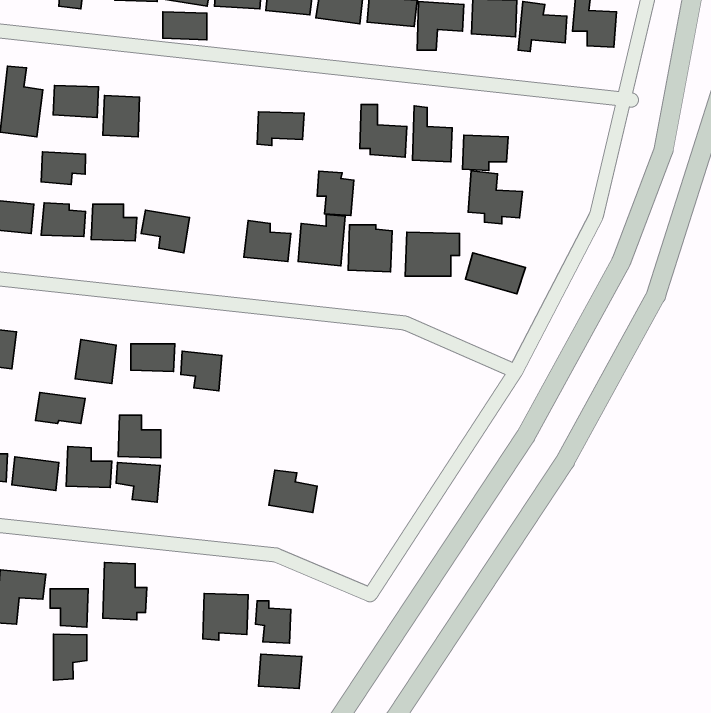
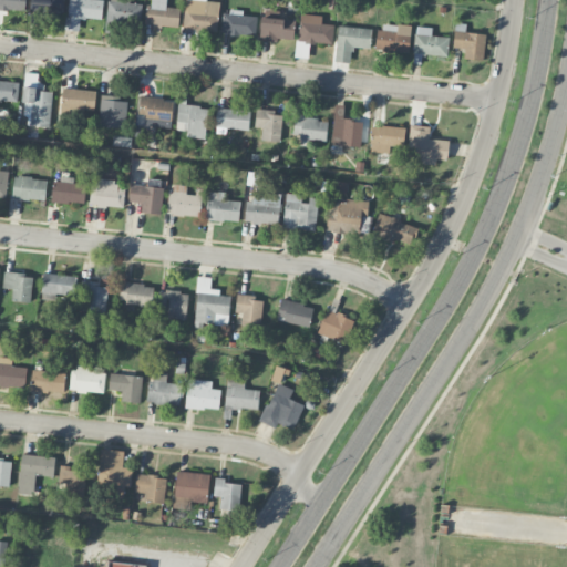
building: [163,12,207,40] -> [138,97,172,118]
building: none -> [176,104,206,138]
building: [41,152,86,184] -> none
building: [468,171,523,224] -> [408,124,449,164]
building: [317,171,354,215] -> [255,109,282,142]
building: none -> [167,184,199,217]
building: none -> [194,276,230,324]
building: none -> [236,296,261,326]
building: none -> [277,300,312,324]
building: none -> [317,309,354,343]
building: [35,393,85,423] -> [40,272,78,296]
building: [118,415,161,458] -> [148,372,181,404]
building: none -> [186,379,220,409]
building: none -> [261,382,303,432]
building: none -> [134,474,166,503]
building: [54,634,87,680] -> none
building: [258,654,302,688] -> none

